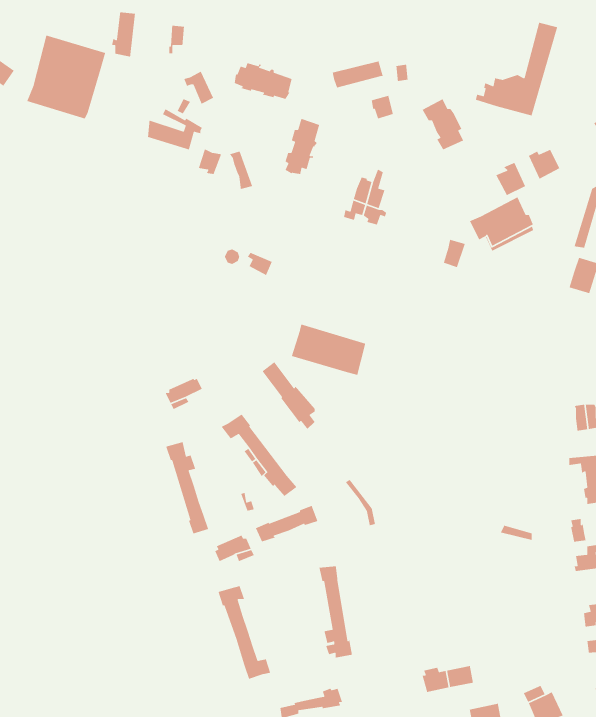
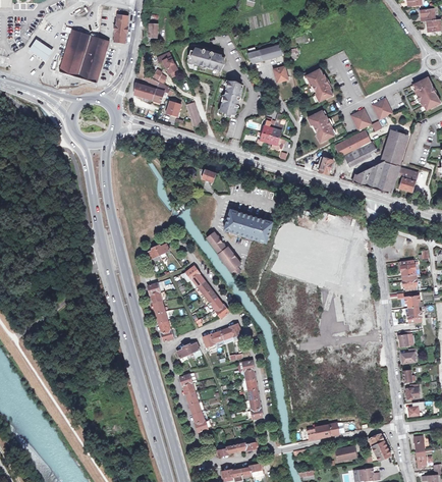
building: [475,22,558,117] -> [351,132,403,192]
building: none -> [308,110,334,142]

